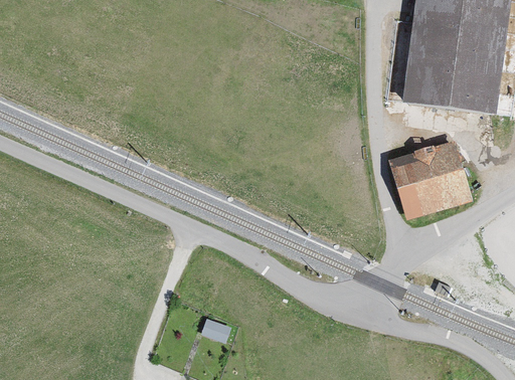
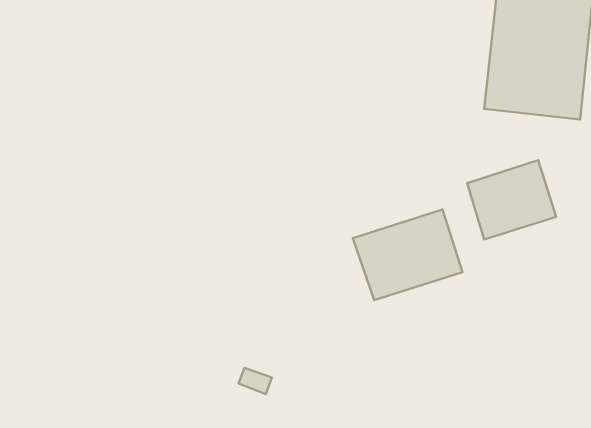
building: none -> [353,209,463,300]

